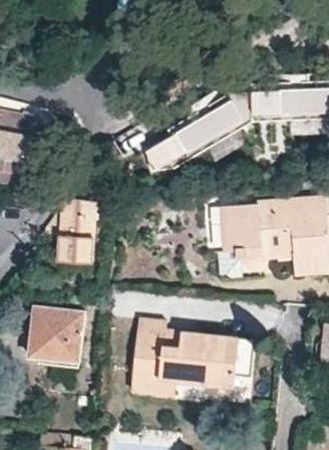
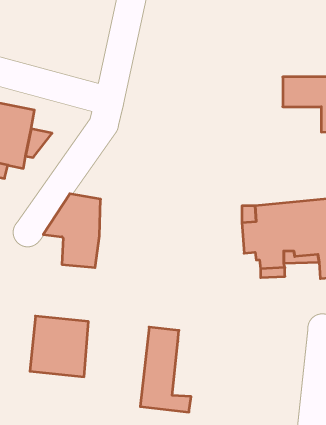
building: [149,103,243,170] -> none
building: [158,330,254,387] -> none

